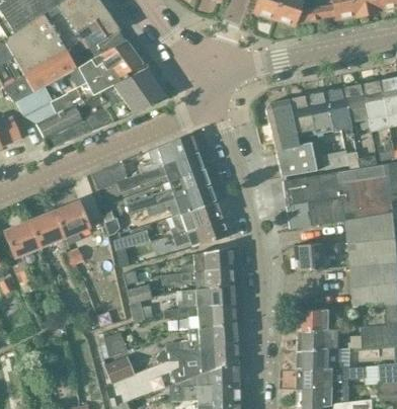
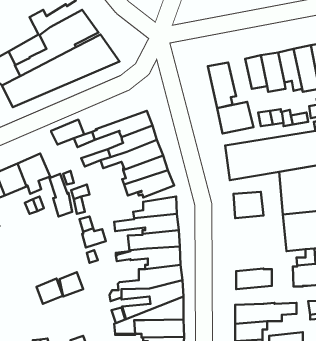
building: [289,94,316,136] -> none
building: [139,135,198,172] -> none
building: [298,308,334,330] -> none
building: [297,346,340,367] -> none
building: [105,355,135,384] -> [36,278,63,304]

